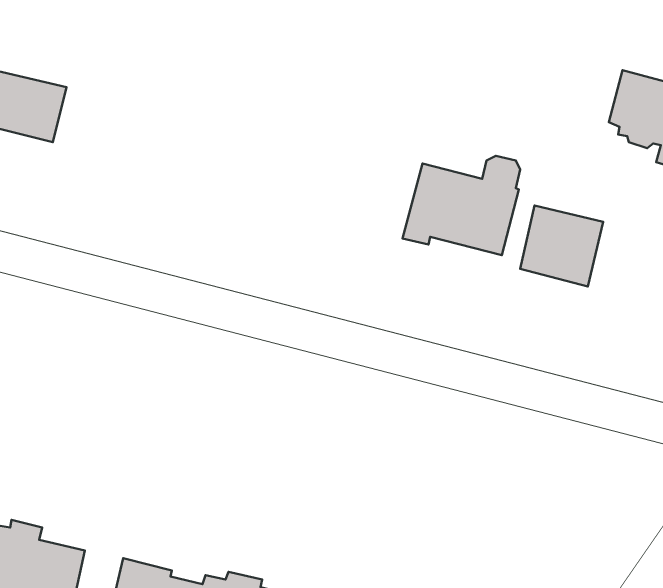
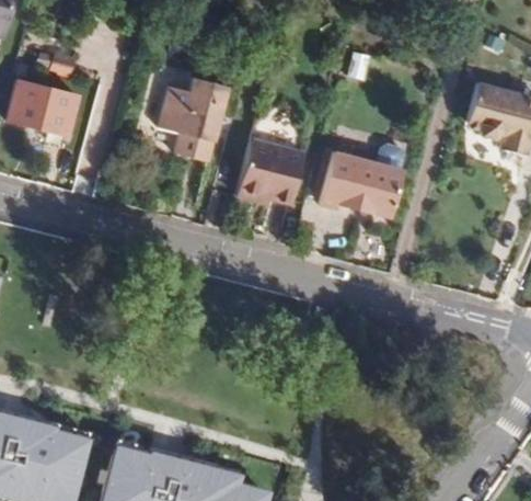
building: none -> [158,81,226,164]
building: none -> [236,143,303,205]
building: [520,206,603,287] -> none

